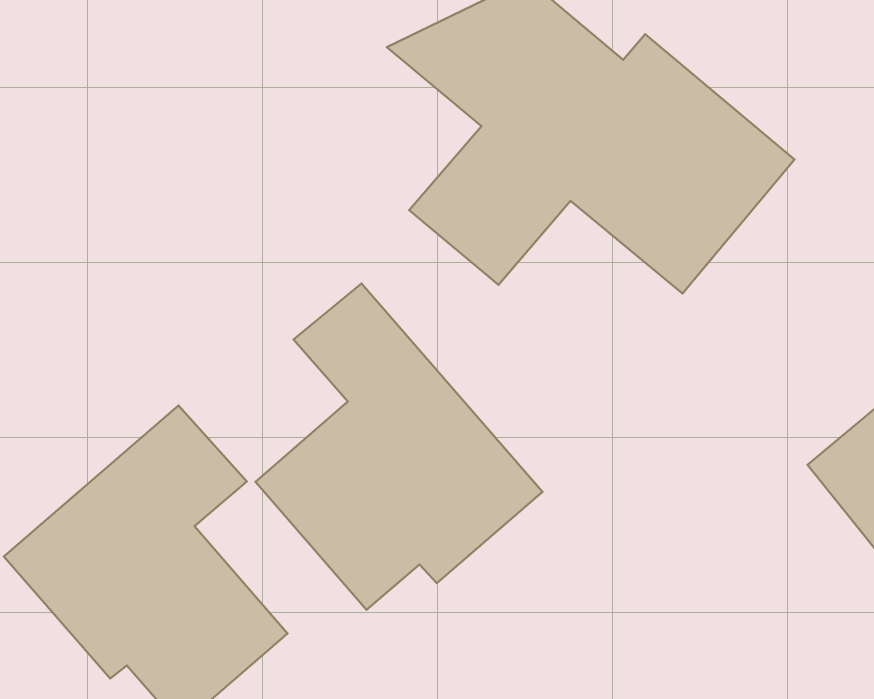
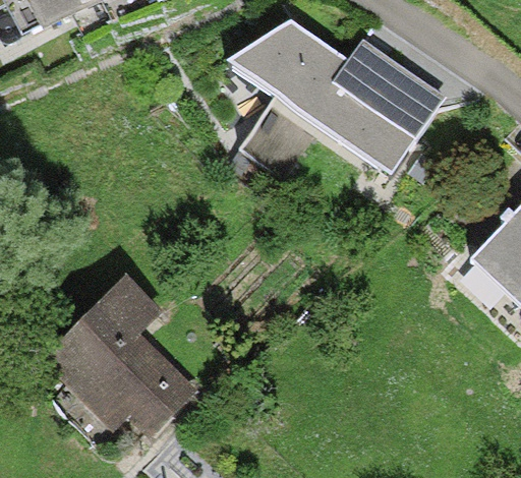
building: [255,283,543,610] -> none

